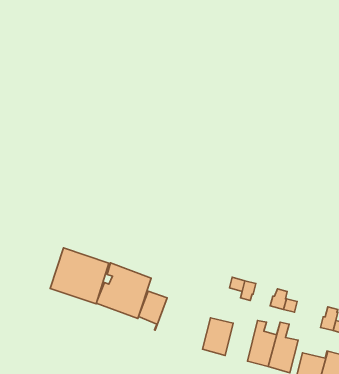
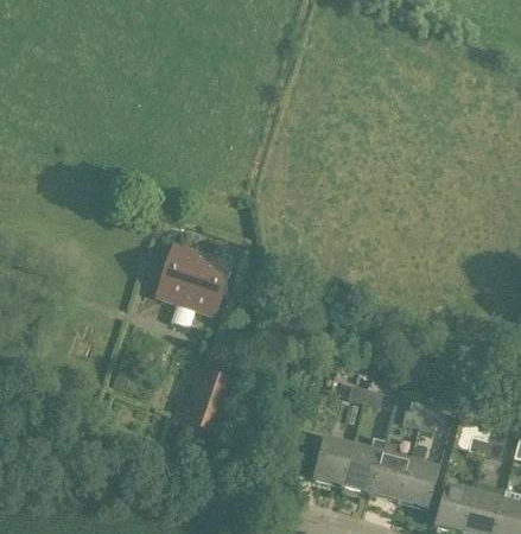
building: [50,248,109,304] -> [155,241,233,314]
building: [138,291,167,330] -> none
building: none -> [343,437,386,494]

